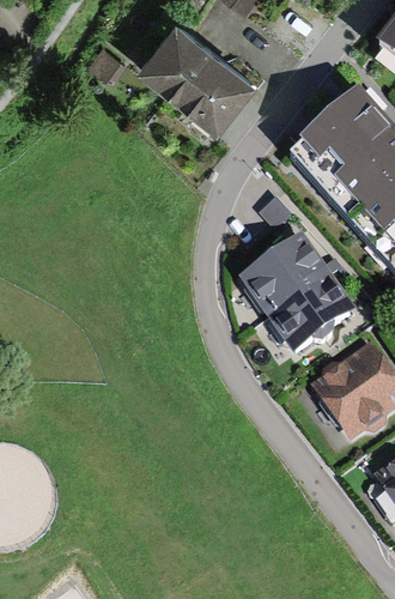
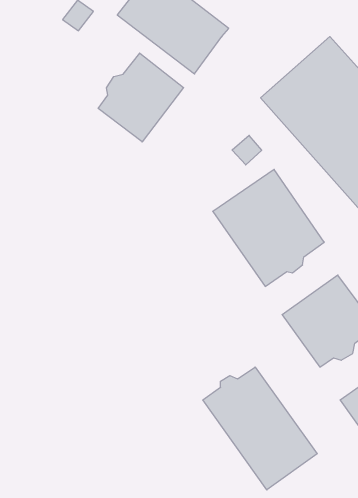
building: none -> [98,53,184,142]
building: none -> [203,367,317,490]

